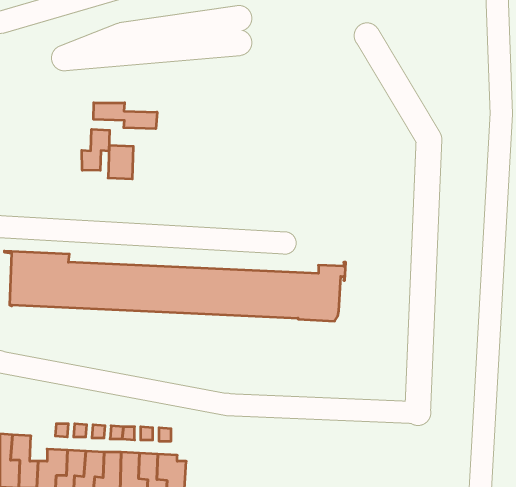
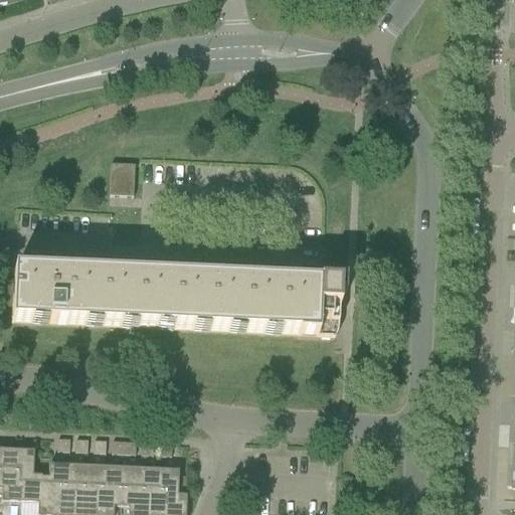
building: [94,103,157,129] -> none
building: [82,129,110,170] -> none

